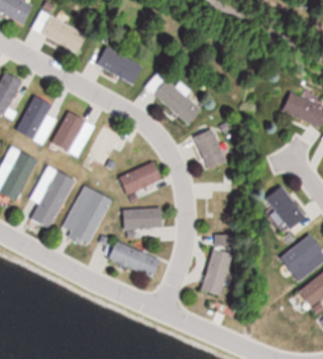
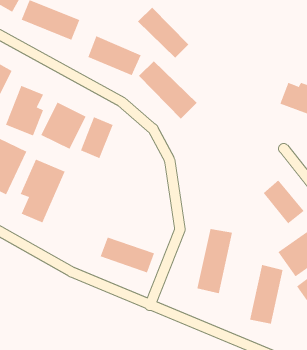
building: none -> [137,7,189,59]
building: [192,127,227,170] -> none
building: [118,162,163,196] -> none
building: [62,186,111,244] -> none
building: [122,210,163,228] -> none
building: none -> [250,264,283,325]

